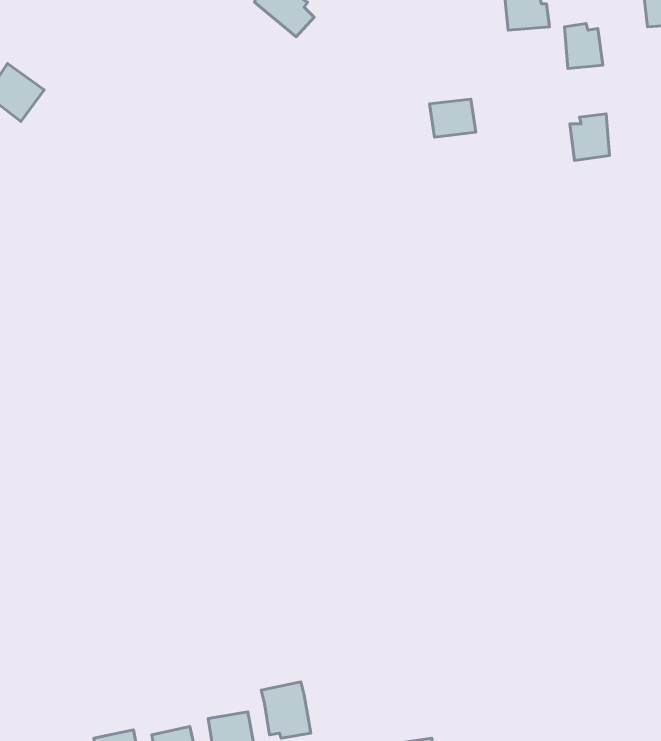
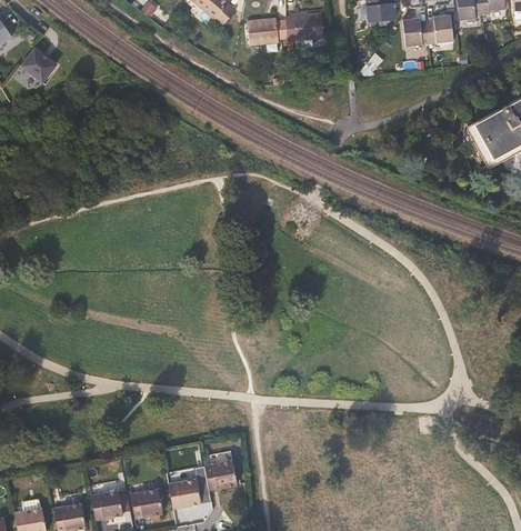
building: none -> [251,19,282,46]
building: [429,99,476,137] -> [295,14,327,40]
building: [570,114,609,160] -> [429,13,455,44]

